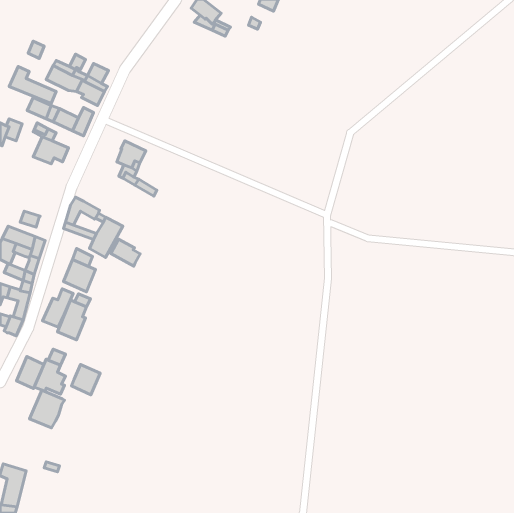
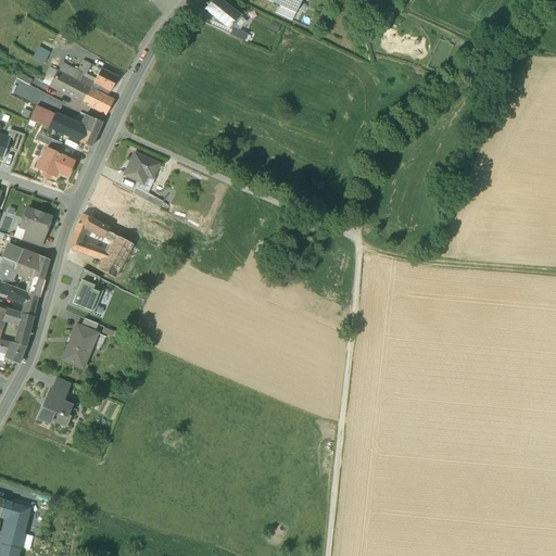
building: none -> [20,207,50,235]
building: [111,239,140,266] -> none
building: [43,289,73,327] -> none
building: [16,357,44,389] -> none
building: [71,364,100,395] -> none
building: [30,390,65,428] -> none

